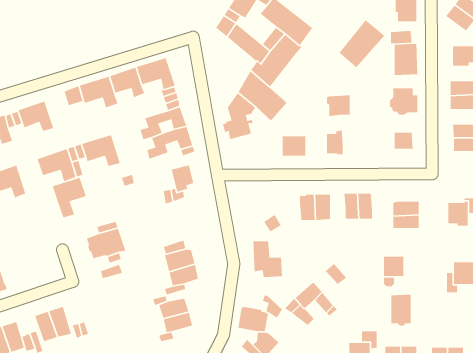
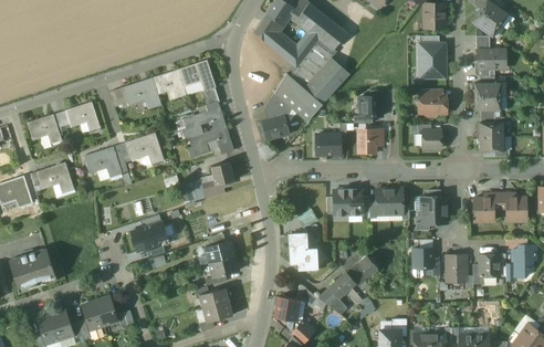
building: [339,19,385,68] -> [305,57,349,104]
building: [52,177,87,218] -> none
building: [390,294,411,326] -> [446,254,465,285]

